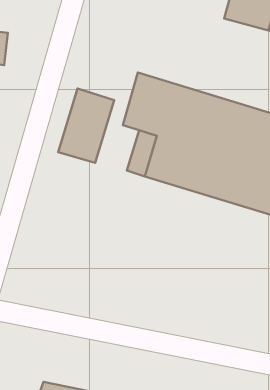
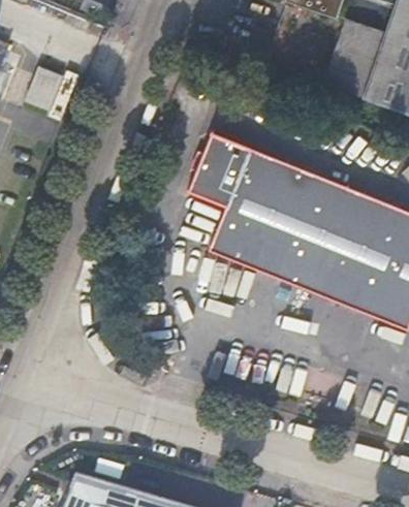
building: [58,89,114,163] -> none

